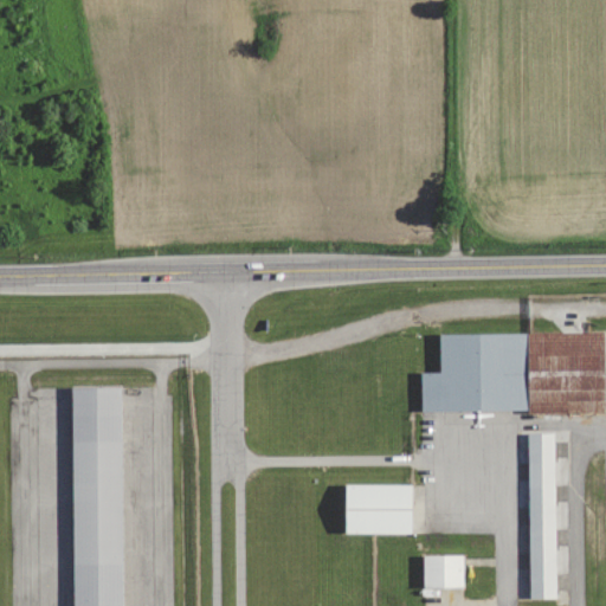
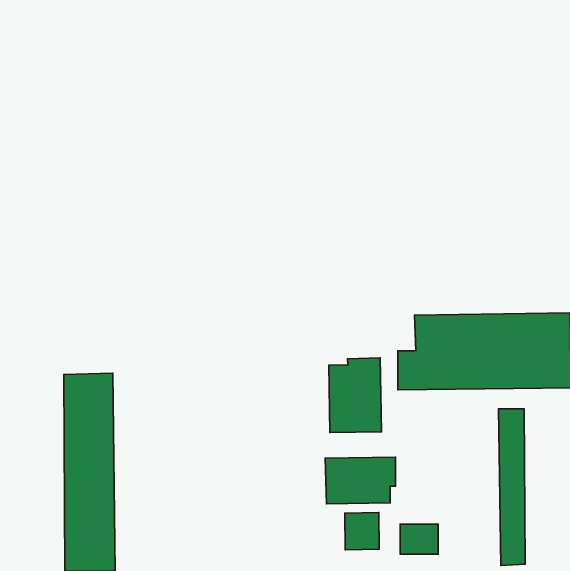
building: none -> [329,358,381,432]
building: none -> [345,513,379,550]

